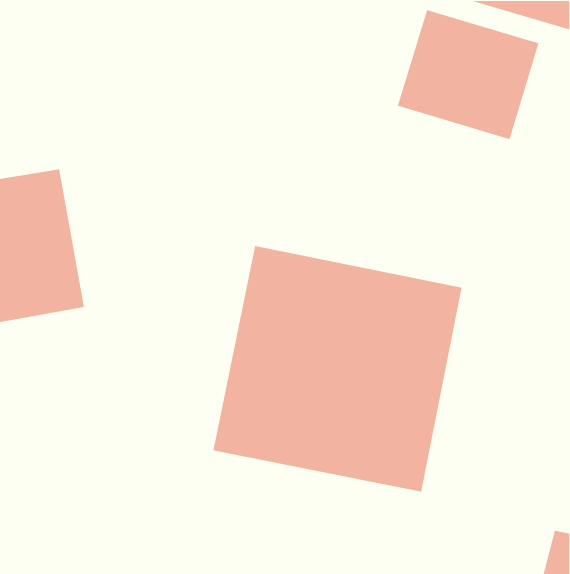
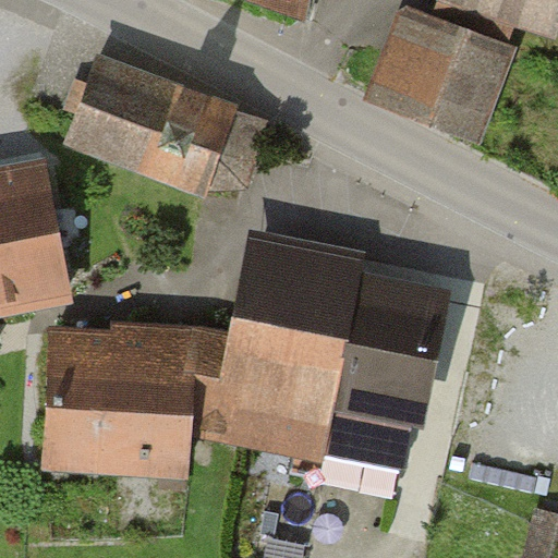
building: none -> [52,49,260,192]
building: none -> [40,326,201,466]

